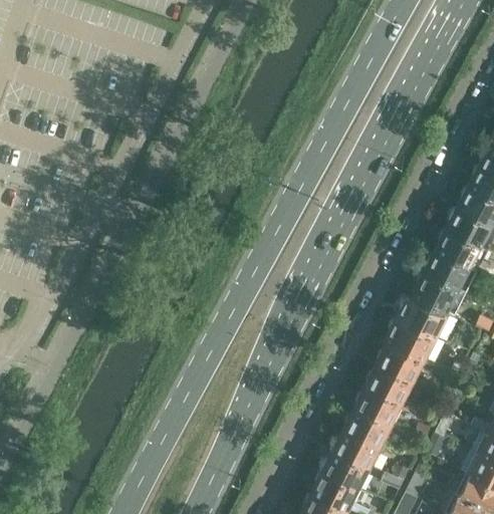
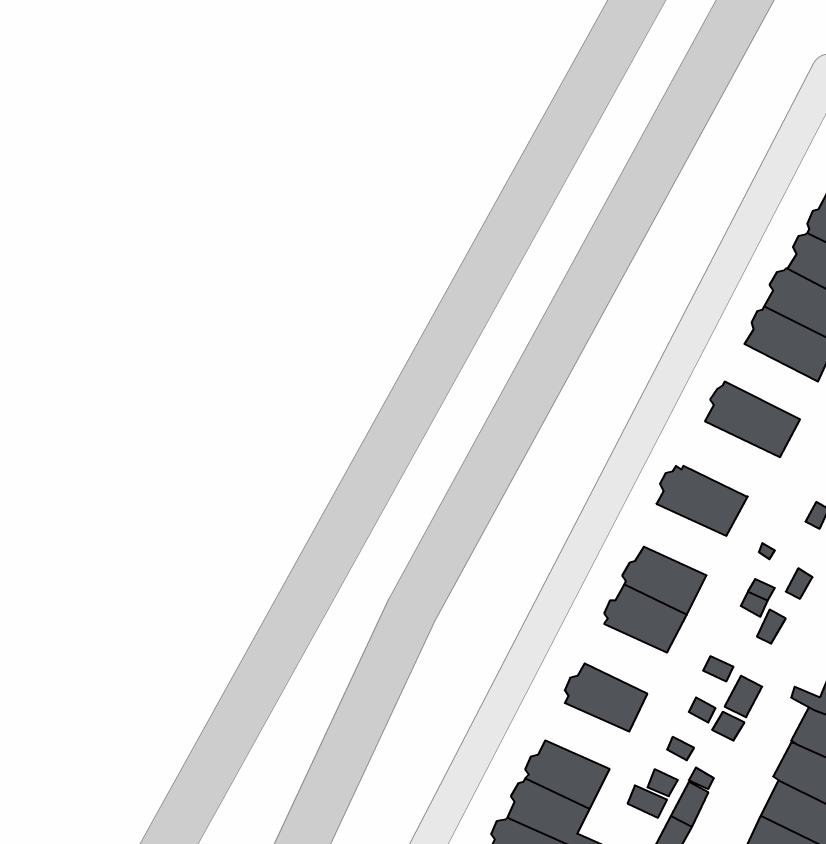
building: [436,229,488,271] -> none
building: [413,272,467,314] -> none
building: [388,318,437,358] -> none
building: [356,386,404,425] -> none
building: [335,430,383,467] -> none

